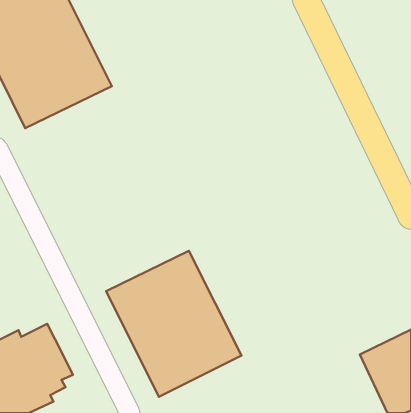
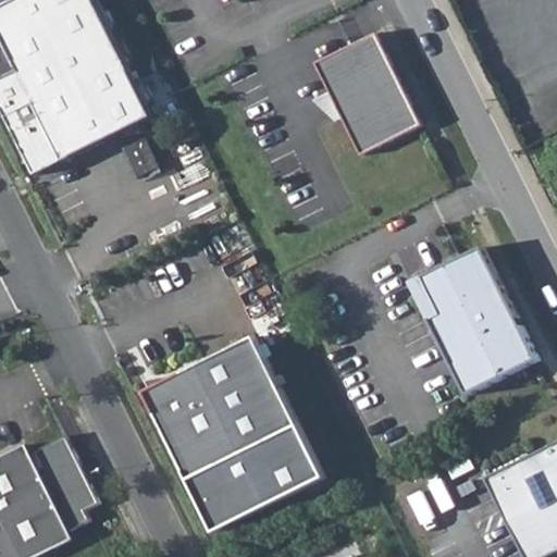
building: none -> [314,30,420,153]
building: none -> [414,245,537,395]

